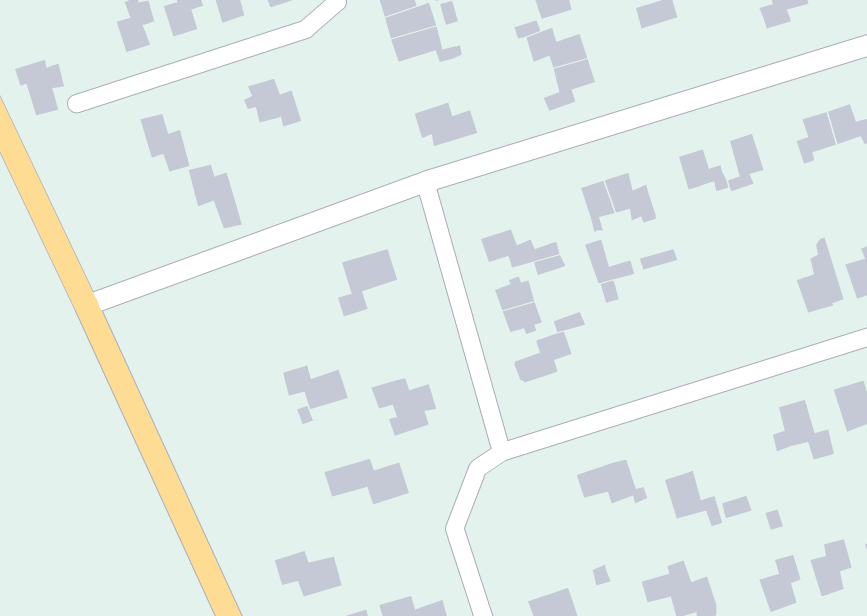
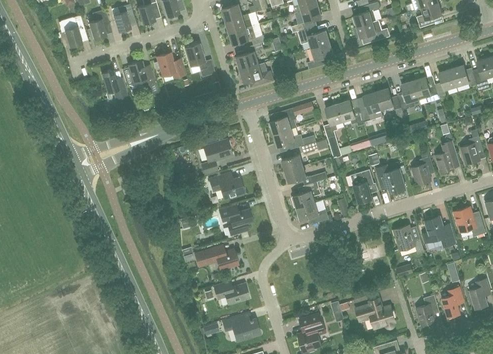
building: none -> [354,19,388,39]
building: none -> [184,41,214,75]
building: none -> [236,41,263,69]
building: [14,59,65,116] -> [58,16,84,45]
building: none -> [413,76,439,101]
building: none -> [360,91,383,121]
building: [188,164,243,229] -> [128,60,156,93]
building: none -> [270,100,314,133]
building: none -> [411,155,433,184]
building: none -> [376,164,406,192]
building: none -> [350,168,374,202]
building: [282,365,349,410] -> [209,174,243,197]
building: [576,459,648,504] -> [296,199,333,222]
building: [664,470,723,527] -> [394,224,424,253]
building: [274,550,342,597] -> [213,279,248,303]

